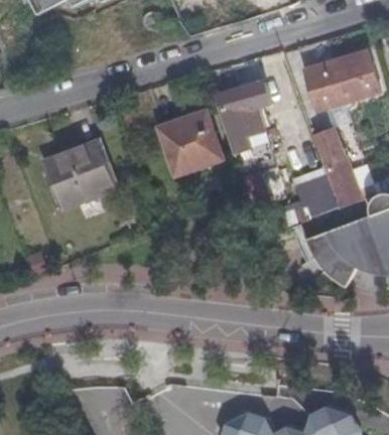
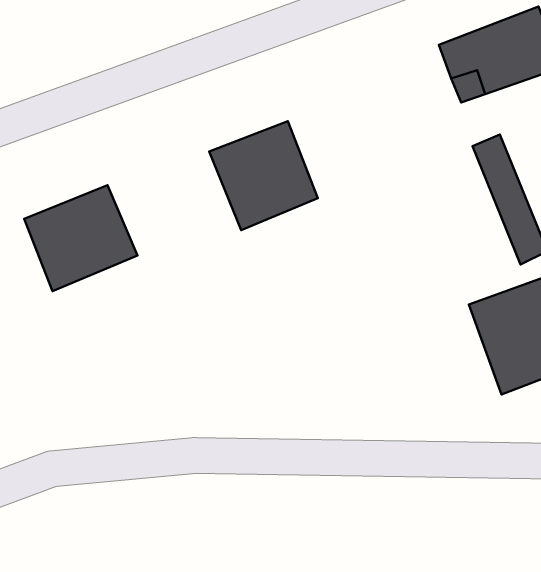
building: [222,82,278,163] -> none
building: [298,181,338,221] -> none

